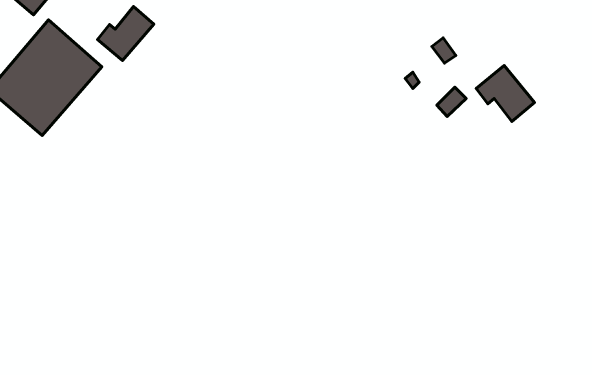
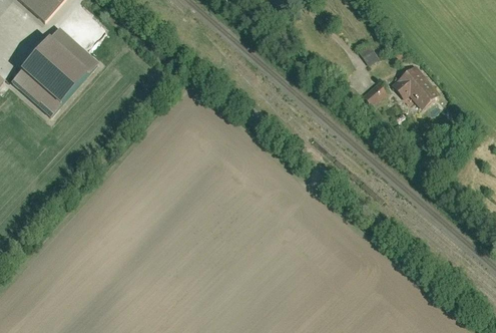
building: [98,6,154,61] -> none

